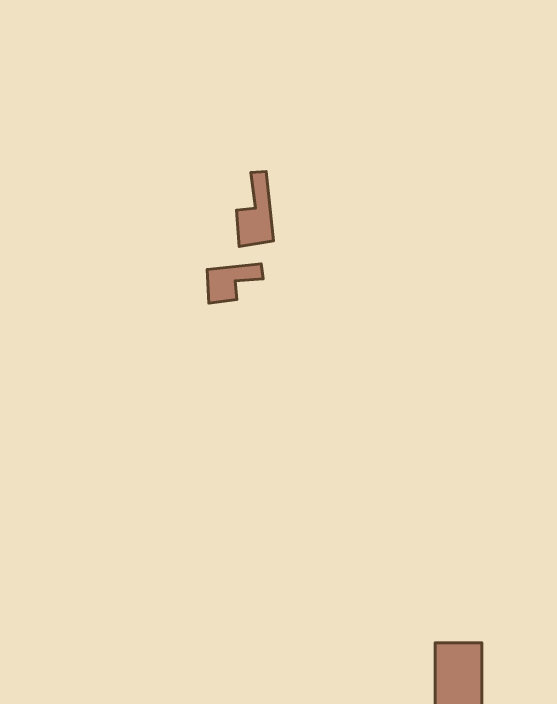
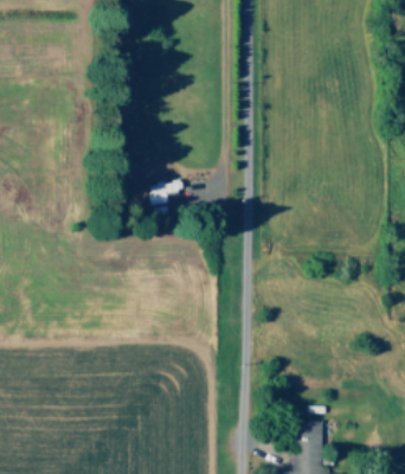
building: [236,171,274,246] -> none

